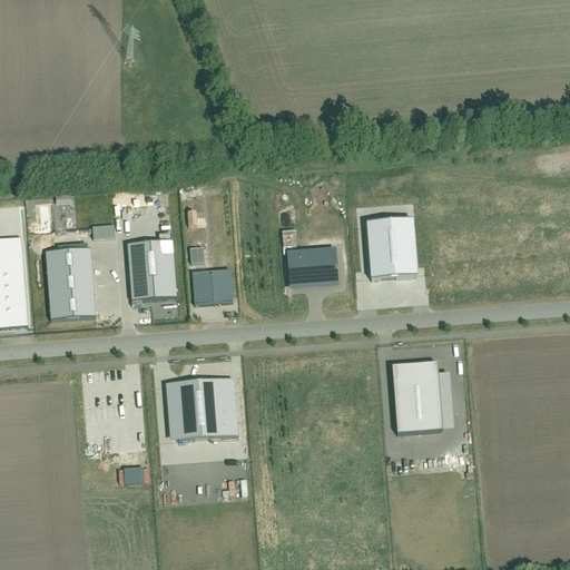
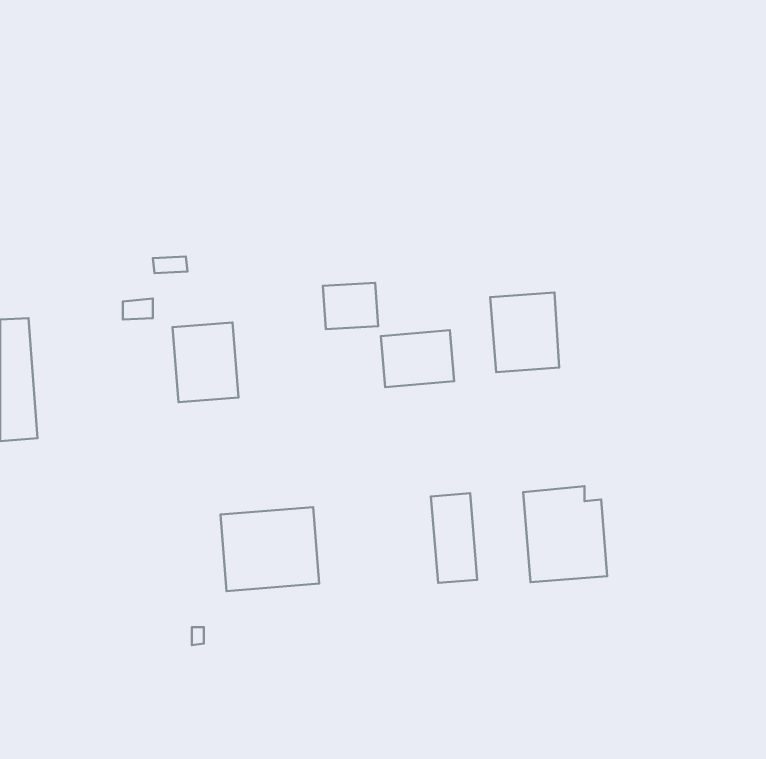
building: [43,246,95,317] -> none
building: [193,269,234,304] -> [323,283,378,329]
building: none -> [431,493,477,583]

